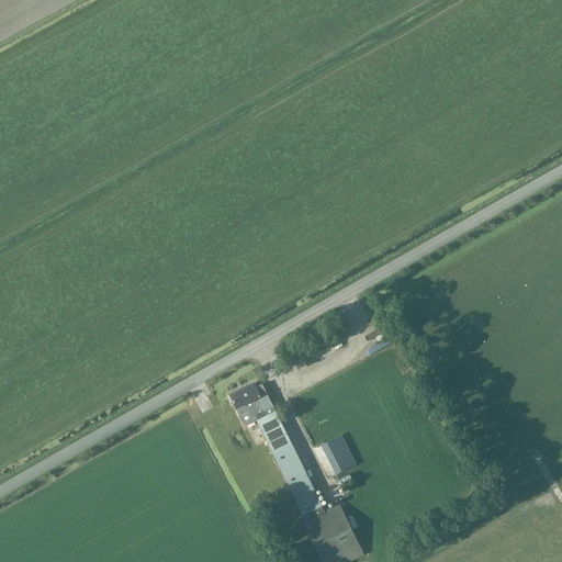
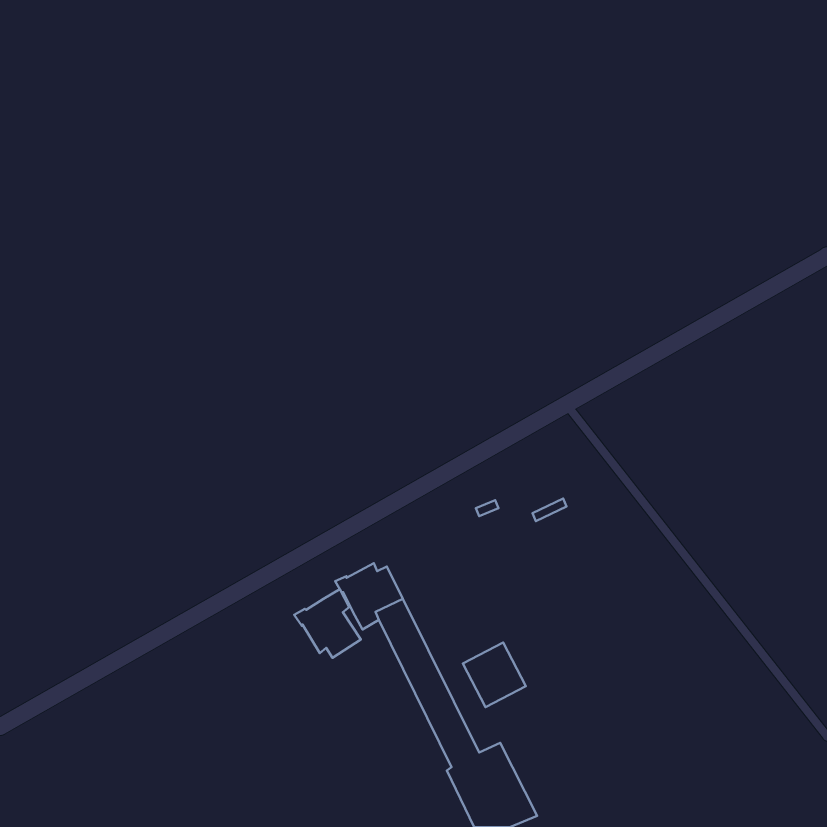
building: none -> [294,589,361,658]

